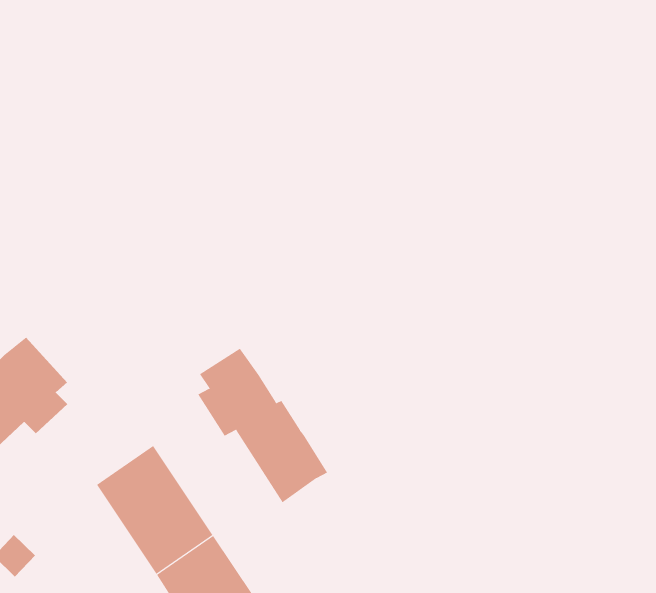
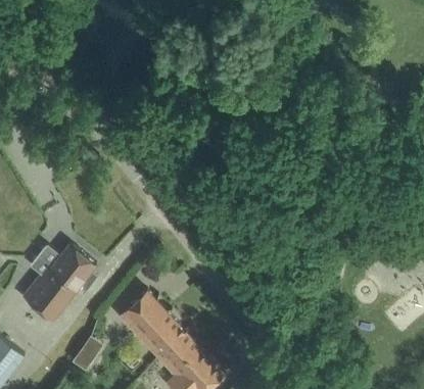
building: [197,348,328,503] -> none

